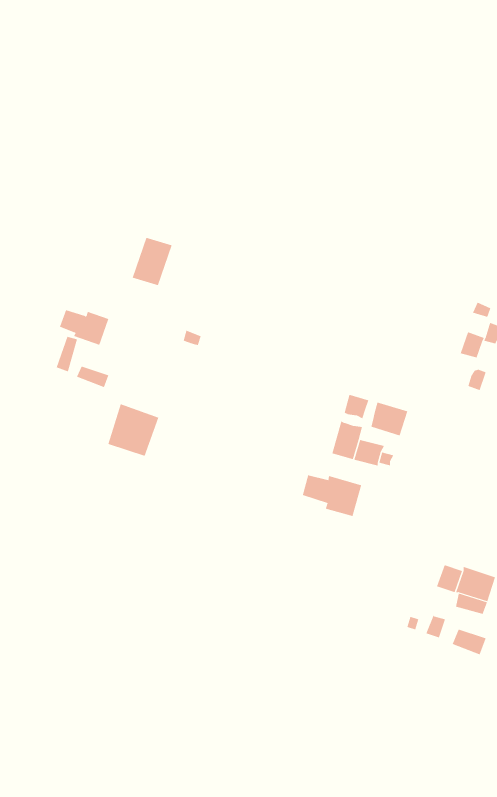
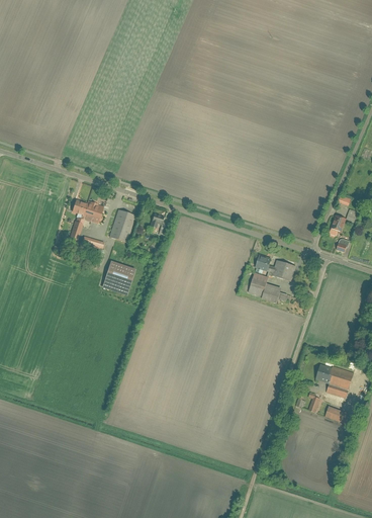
building: [132,237,173,286] -> [109,210,135,242]
building: [302,475,362,517] -> none

